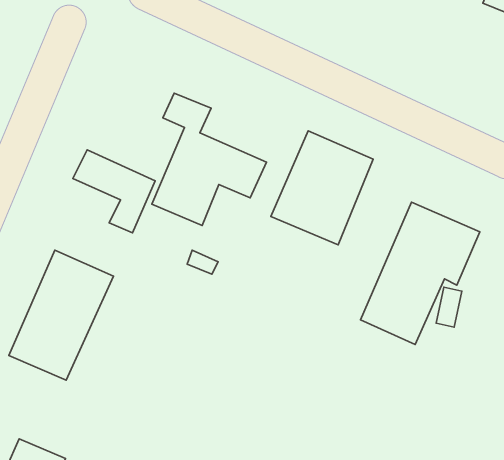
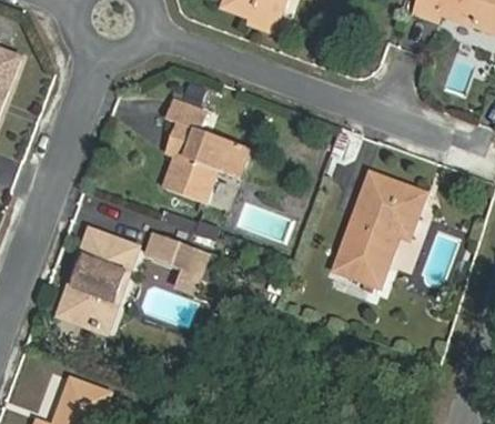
building: [271,131,373,245] -> none
building: [73,150,155,233] -> [141,231,206,294]

